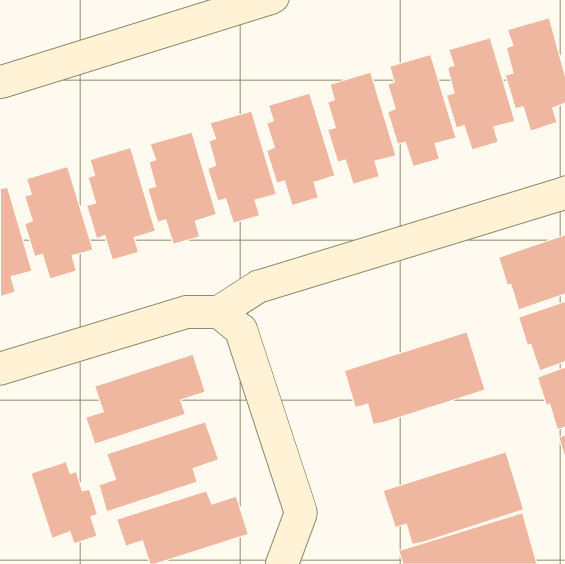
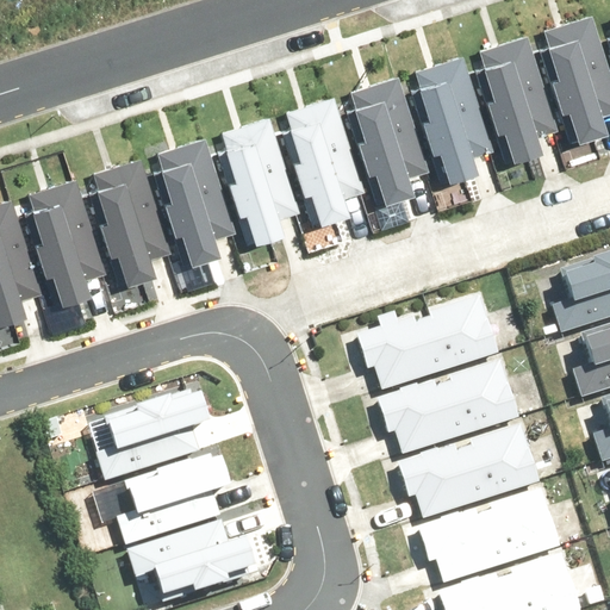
building: none -> [350,291,502,390]
building: none -> [396,421,547,519]
building: [31,461,98,544] -> none

